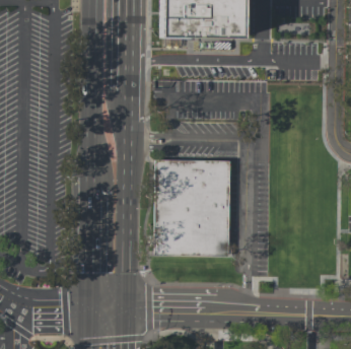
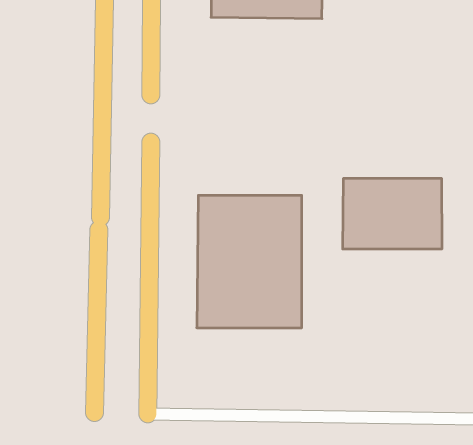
building: none -> [343,178,442,249]

